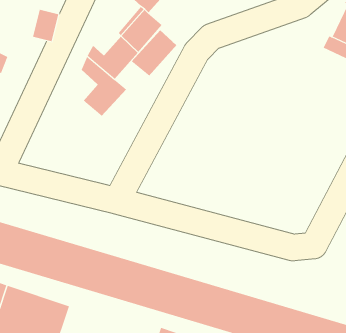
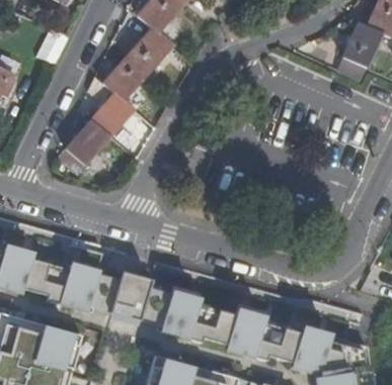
building: [131,30,177,77] -> none
building: none -> [57,121,109,175]

